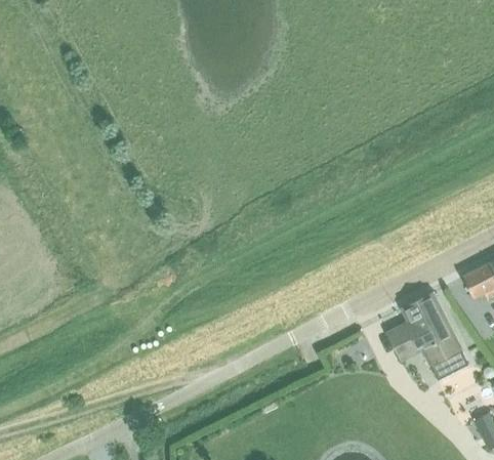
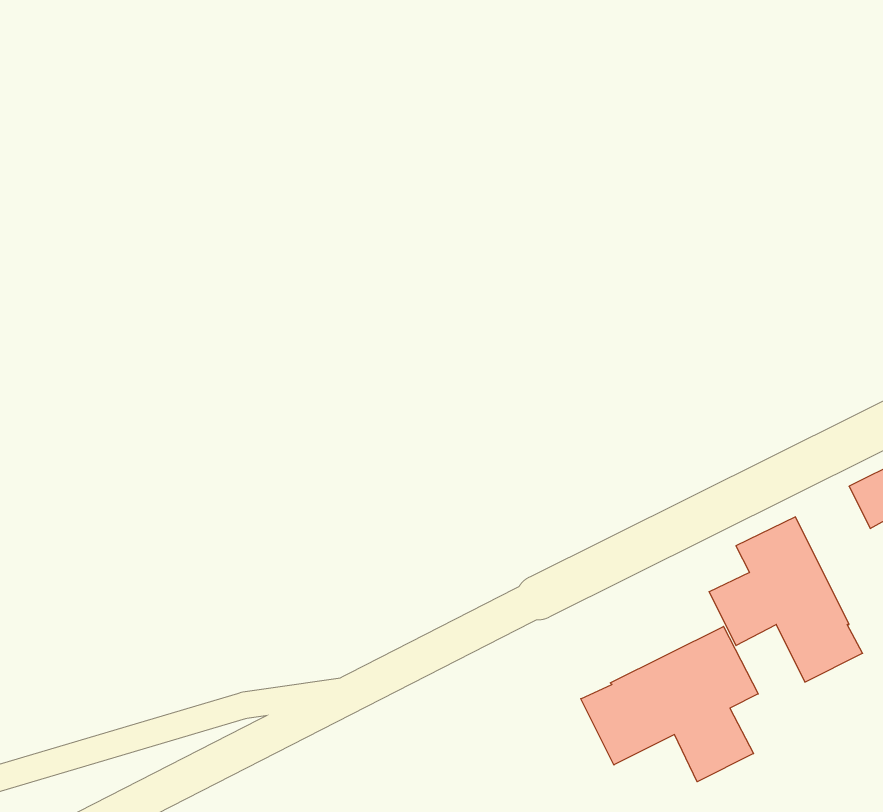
building: none -> [581,626,758,782]

